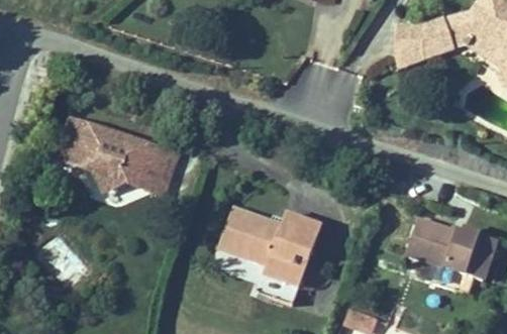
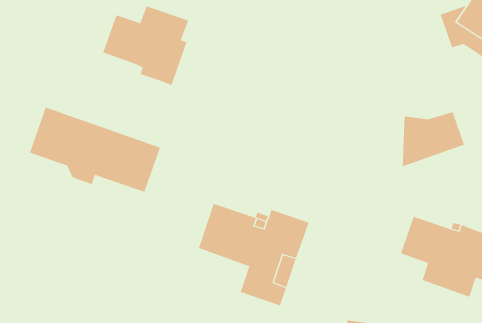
building: none -> [103,5,189,86]
building: [395,22,454,75] -> [402,112,465,167]

